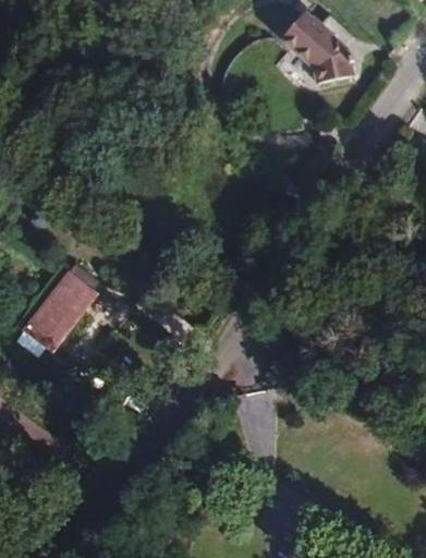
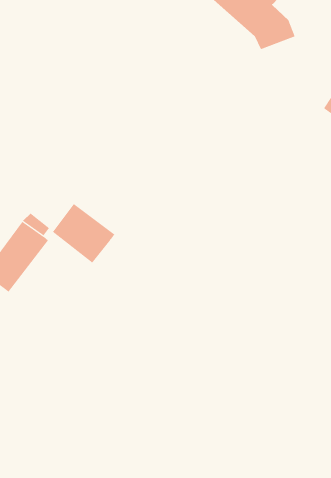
building: none -> [52,203,115,263]

